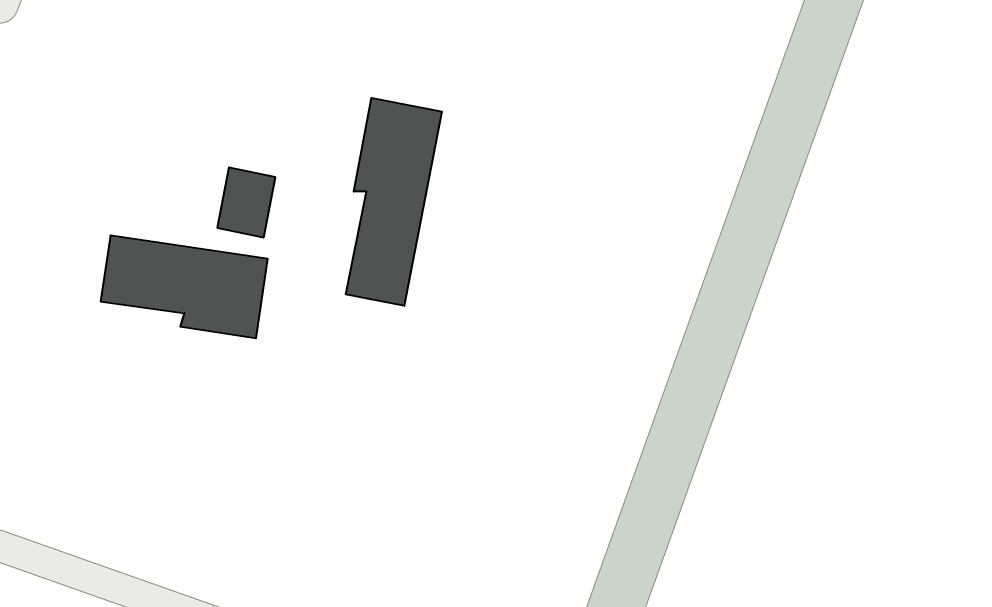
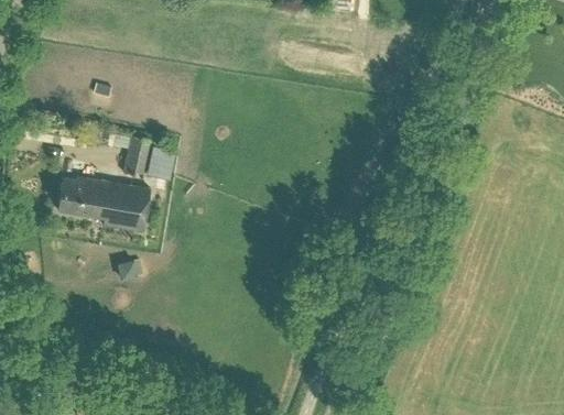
building: [346,98,442,306] -> none

